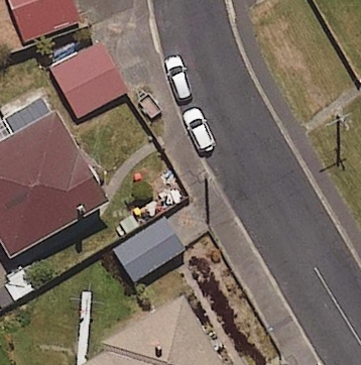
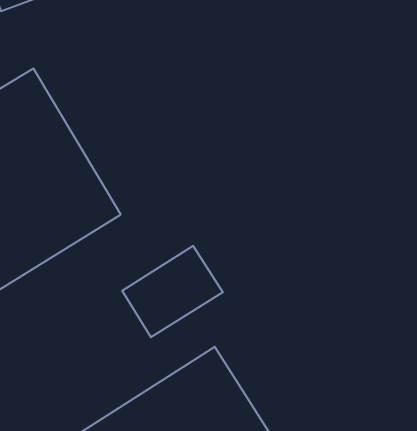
building: [49,44,128,122] -> none

